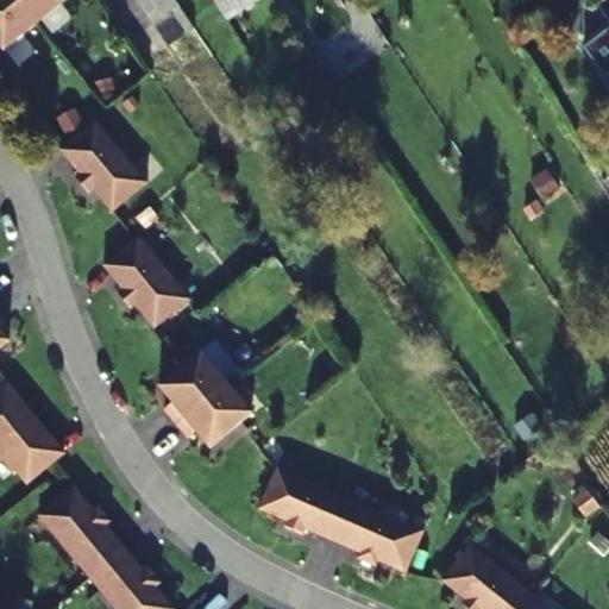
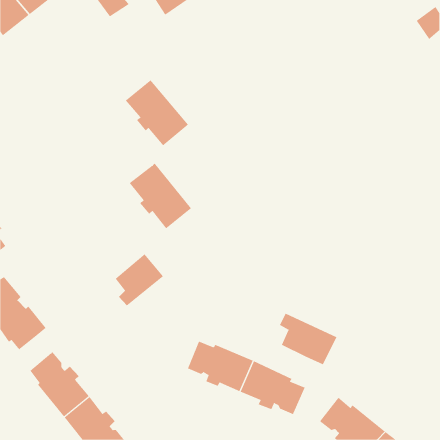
building: [59,120,147,212] -> [125,80,189,146]
building: [102,236,189,327] -> [129,163,192,229]
building: [175,381,251,446] -> none
building: none -> [279,313,337,365]

